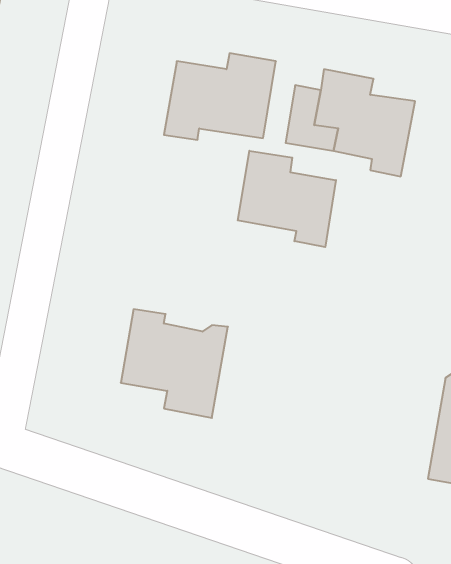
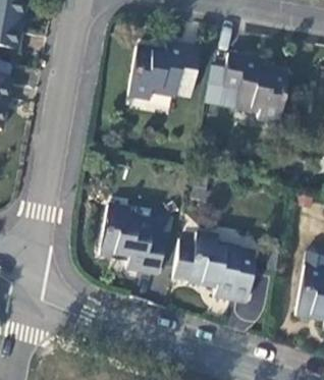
building: [238,151,336,247] -> none
building: none -> [173,234,256,303]

